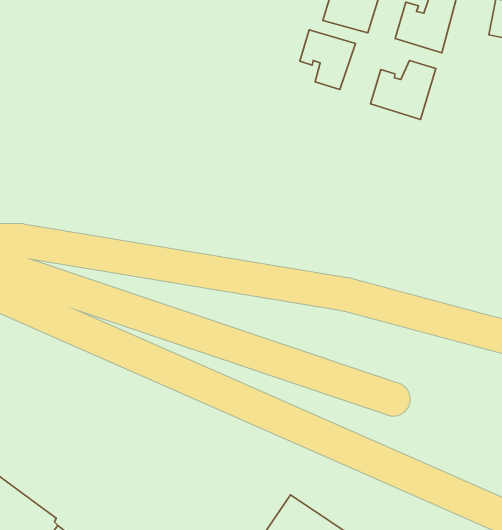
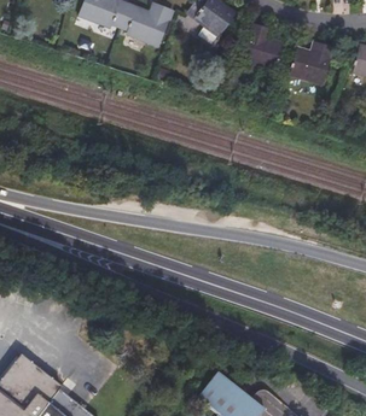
building: [300,30,355,90] -> none
building: [371,61,436,120] -> none

